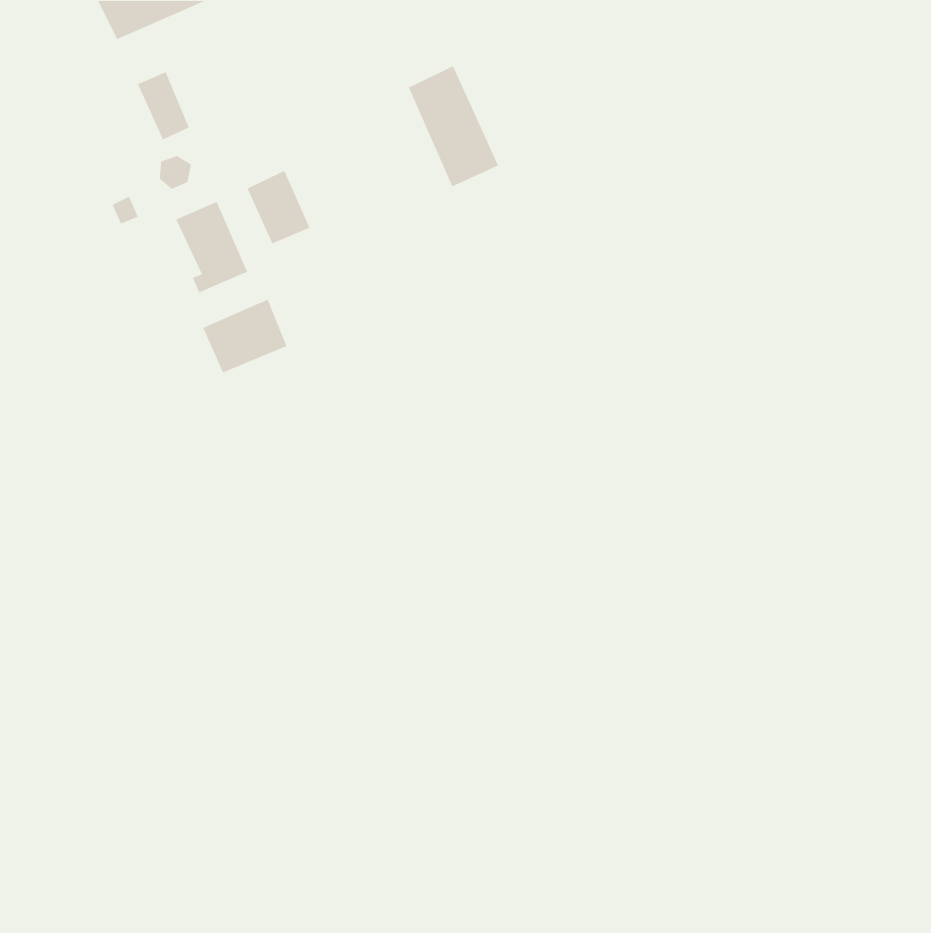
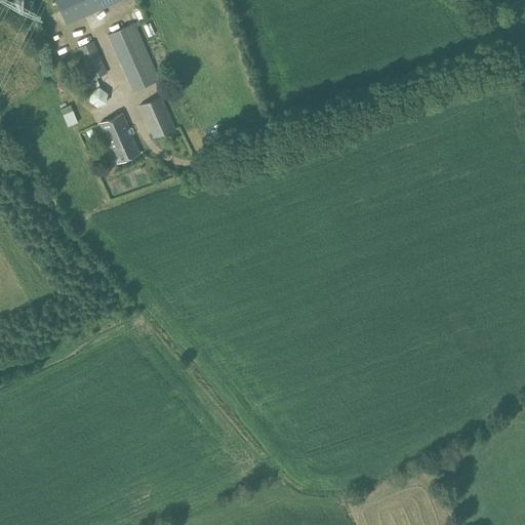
building: [408,65,499,188] -> [109,23,160,91]
building: [202,299,287,374] -> none

